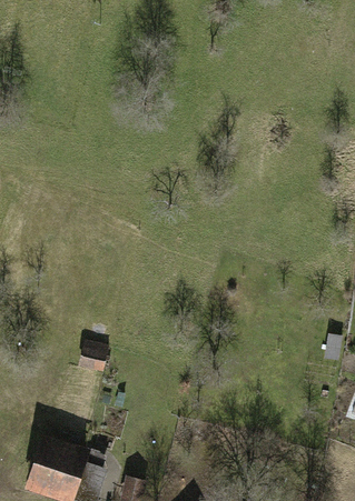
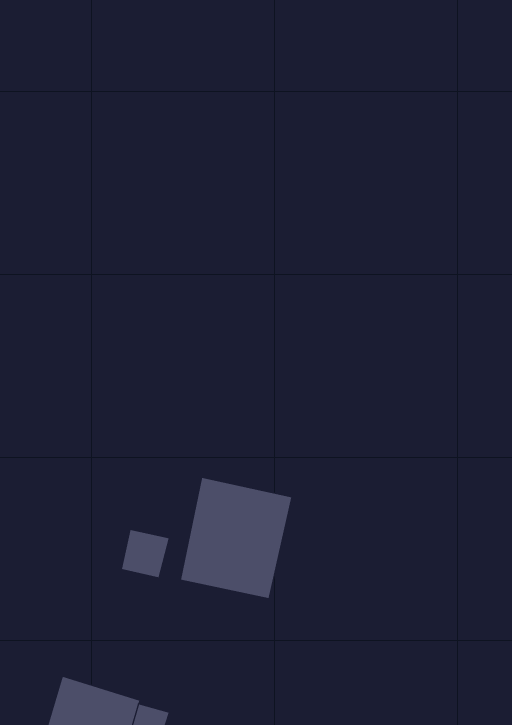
building: none -> [180,477,292,599]

